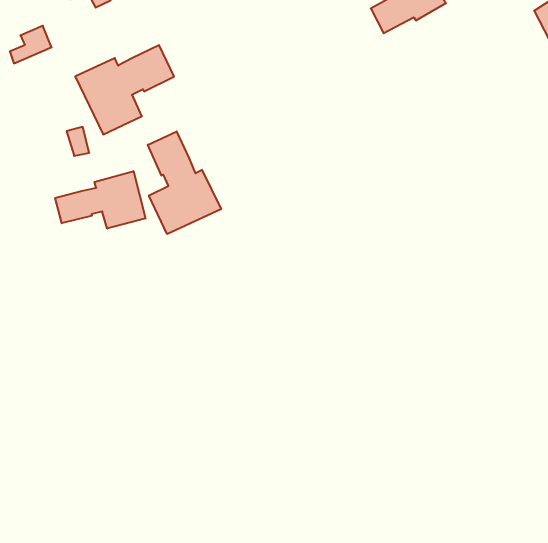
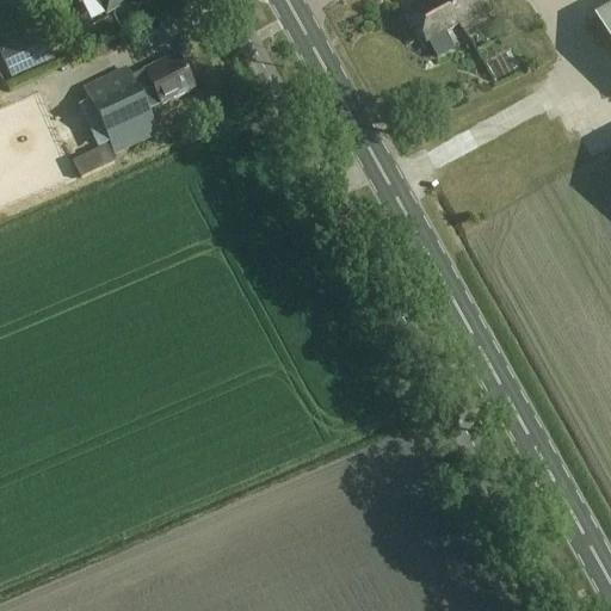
building: [148,131,221,234] -> none
building: [55,171,146,229] -> none

